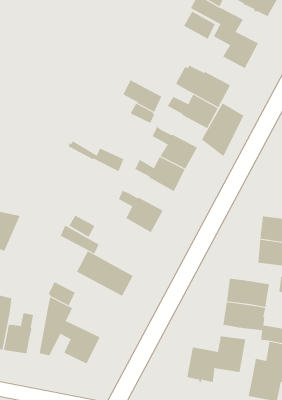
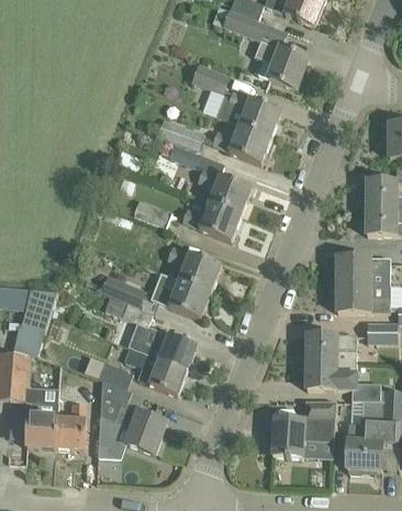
building: [183,11,216,39] -> [191,63,228,93]
building: [201,103,244,157] -> none
building: none -> [150,278,210,318]
building: none -> [123,347,186,395]

